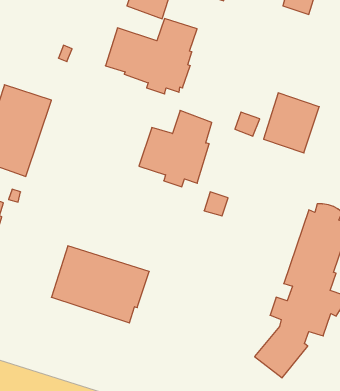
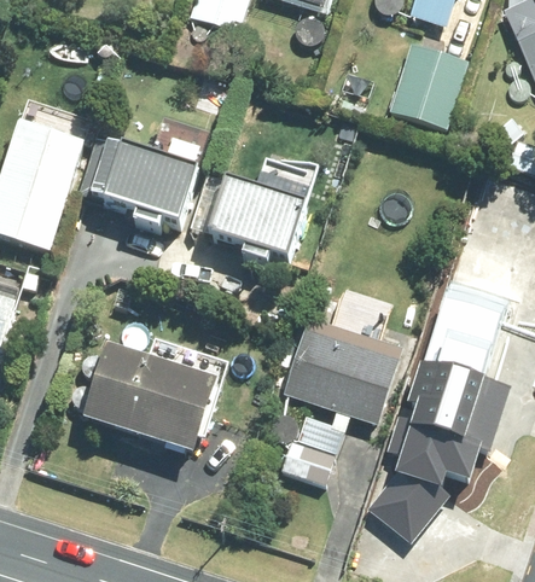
building: [105,19,197,94] -> [76,124,205,231]
building: [264,93,319,153] -> [389,39,467,123]
building: none -> [283,314,405,481]

